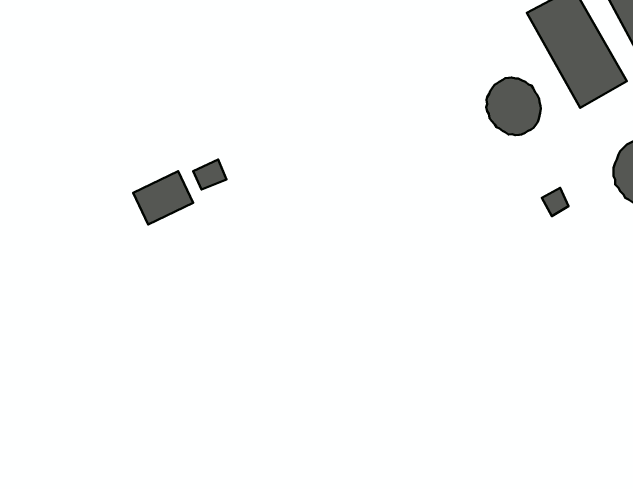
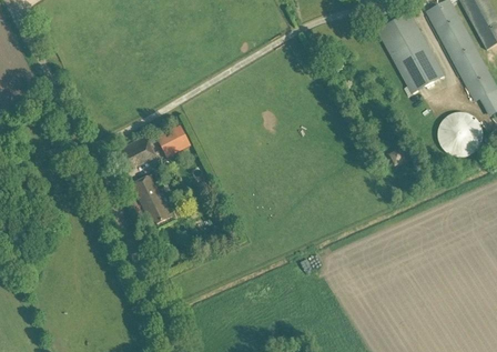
building: [486,78,541,135] -> none
building: none -> [132,174,173,223]

